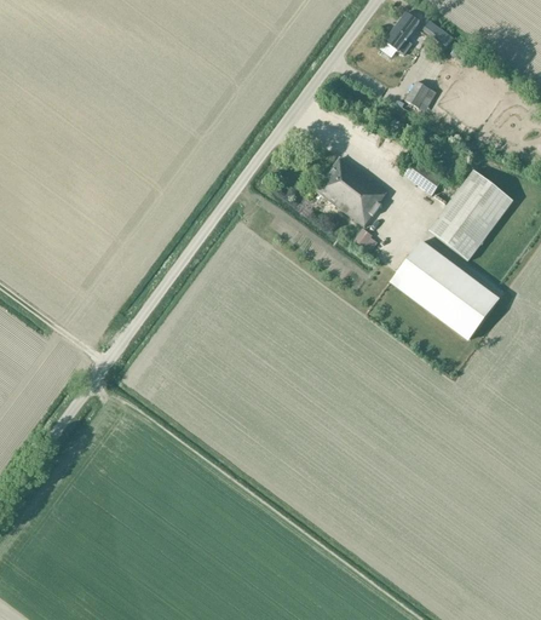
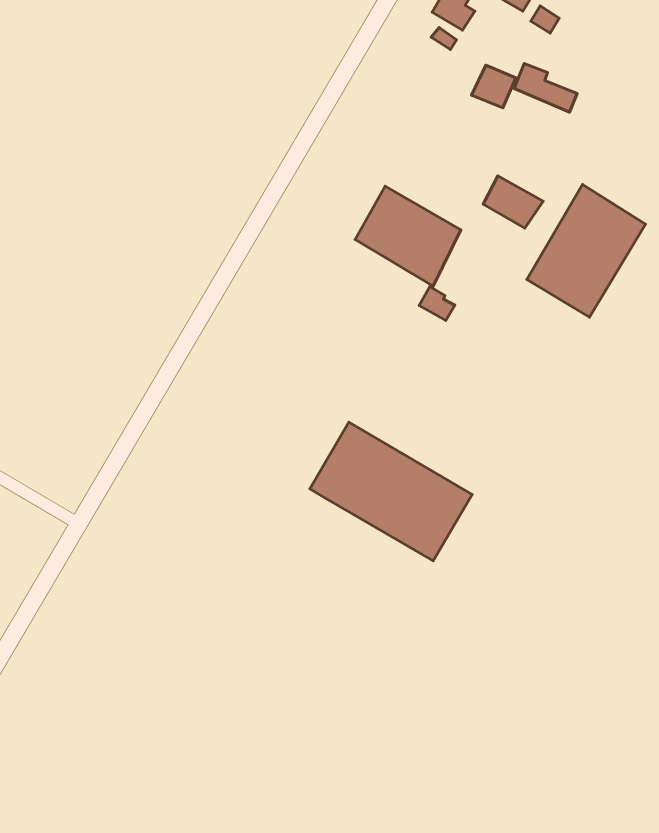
building: none -> [514,63,577,112]
building: [390,240,500,340] -> [310,422,472,561]

